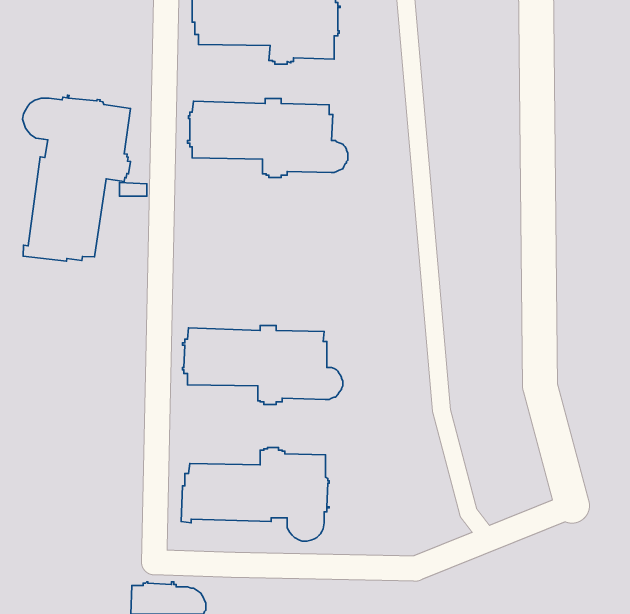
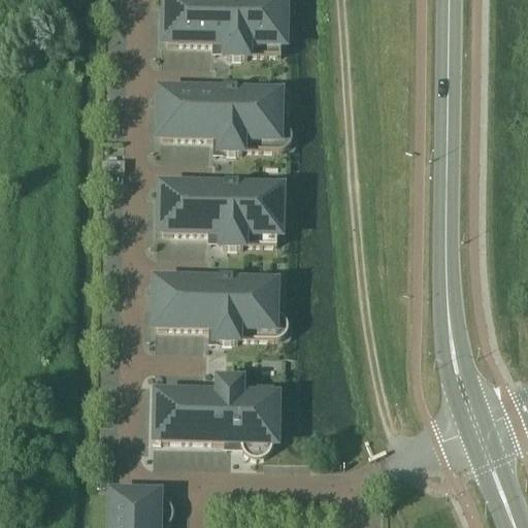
building: [22,95,131,261] -> none
building: none -> [157,177,280,243]

